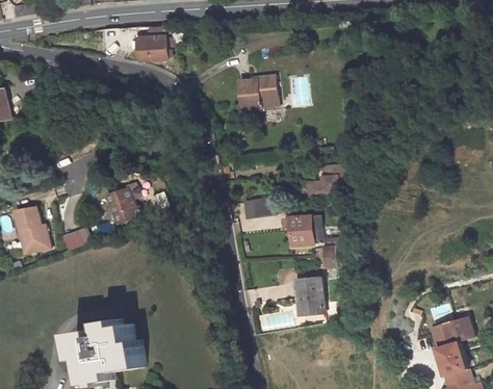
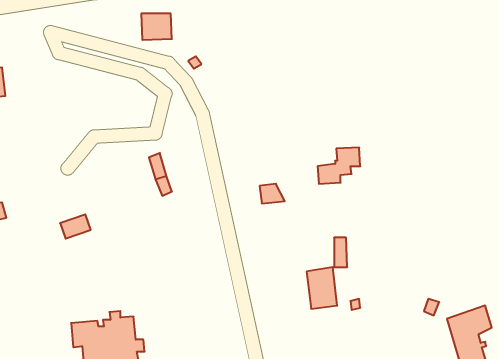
building: [235,76,274,109] -> none
building: [107,186,140,223] -> none
building: [16,207,48,253] -> none
building: [288,216,317,244] -> none

